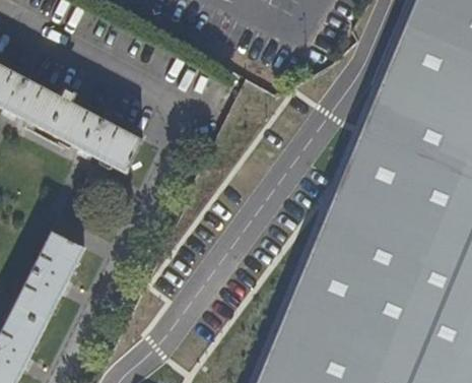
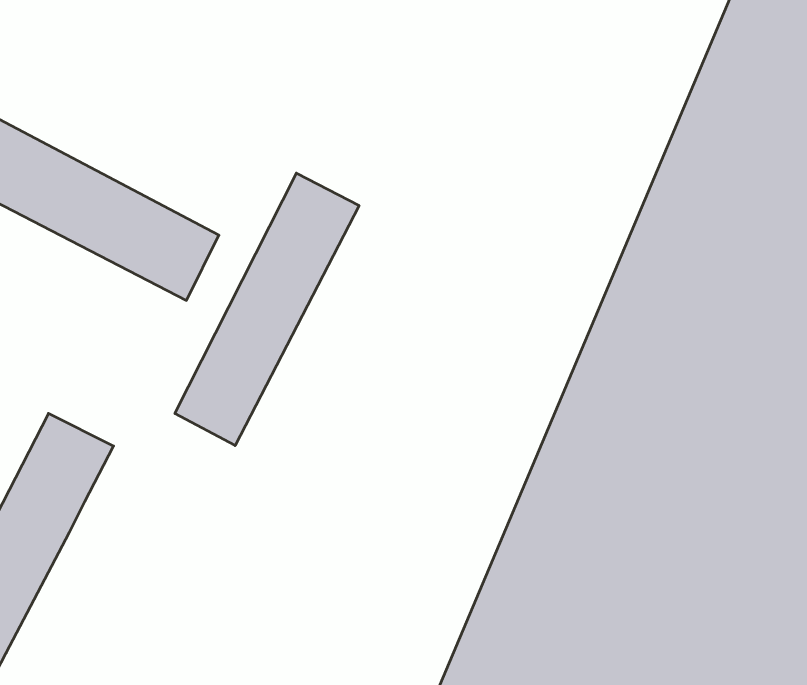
building: none -> [175,173,359,446]

